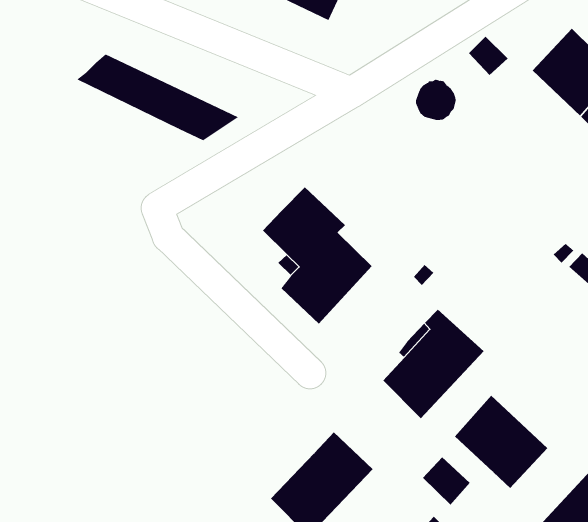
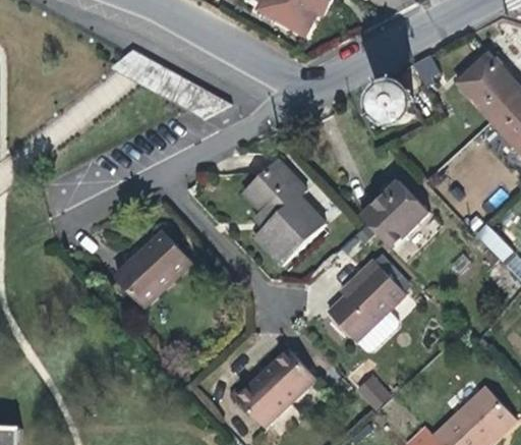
building: none -> [362,181,430,248]
building: none -> [115,231,192,308]
building: [454,395,548,489] -> none

